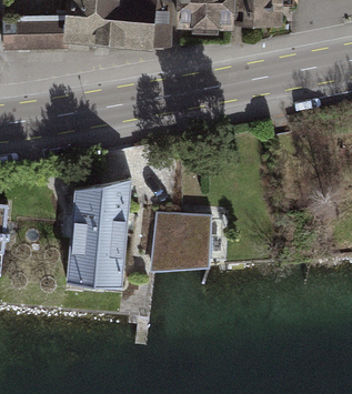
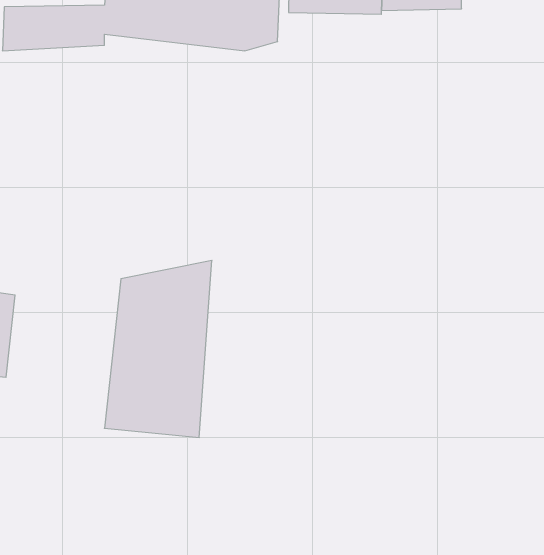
building: [149,210,212,269] -> none

